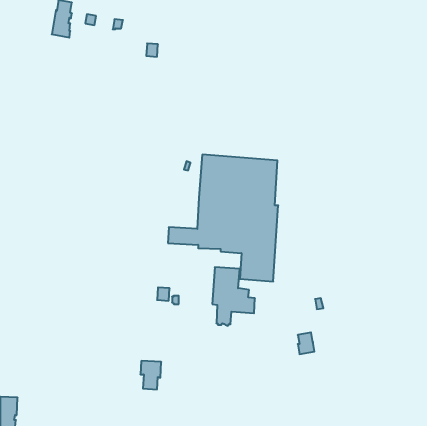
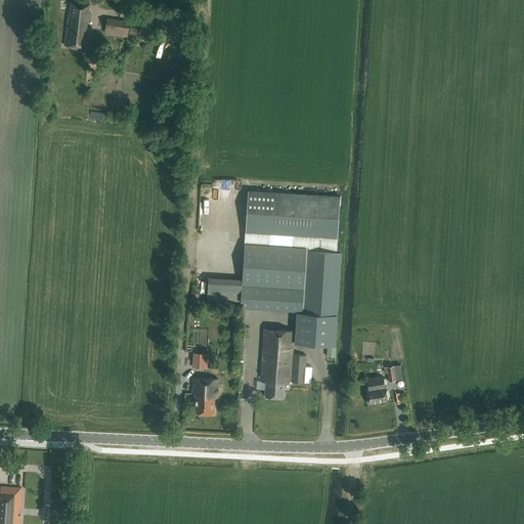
building: [298,332,314,354] -> [366,377,387,403]
building: [140,361,161,389] -> [191,379,217,413]

